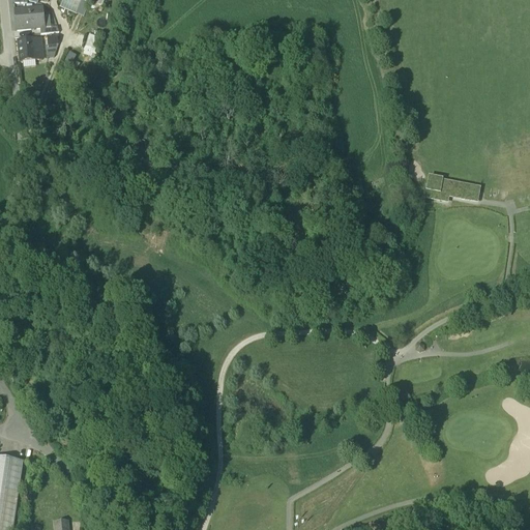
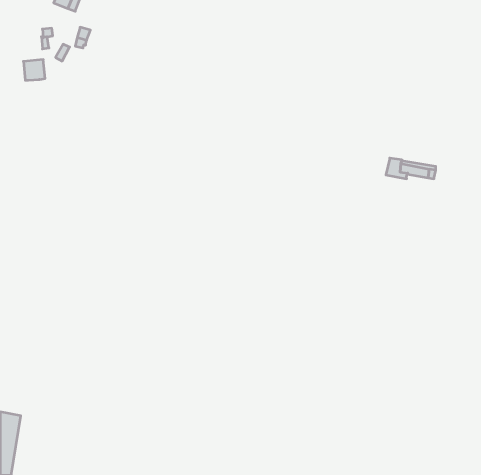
building: [14,4,45,26] -> none
building: [18,34,41,57] -> [23,60,45,80]

